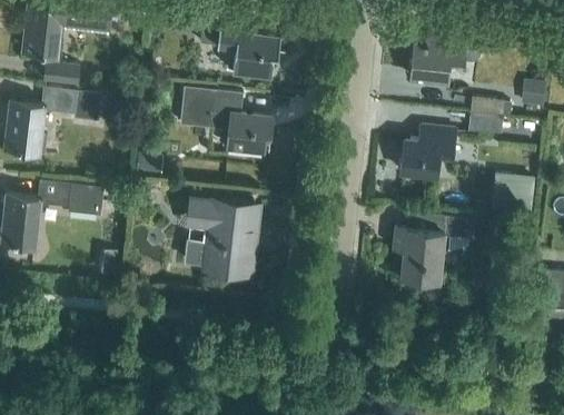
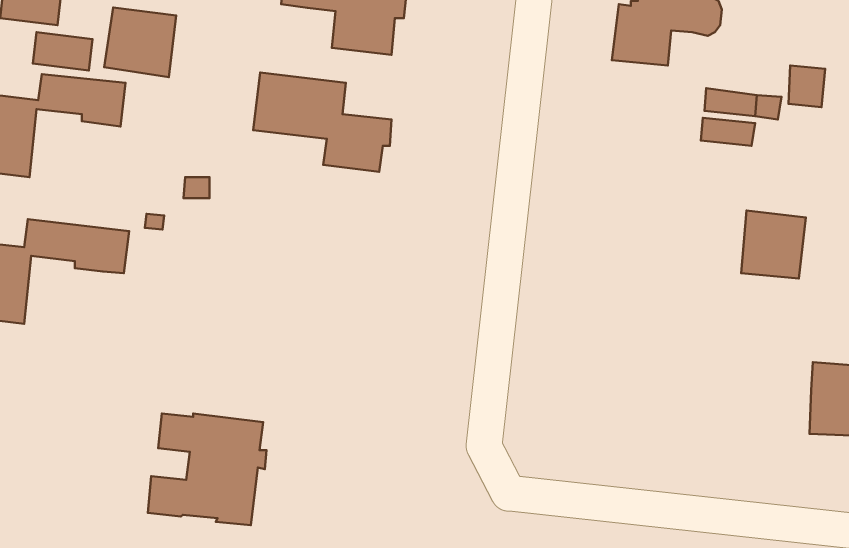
building: none -> [104,8,176,77]
building: [400,127,455,177] -> none
building: [184,200,259,271] -> [148,413,267,525]
building: [393,215,469,281] -> none

